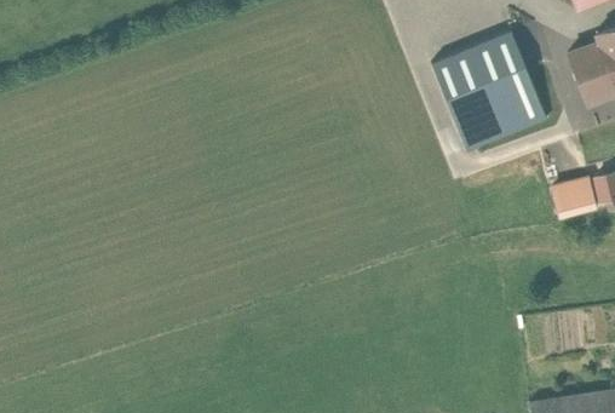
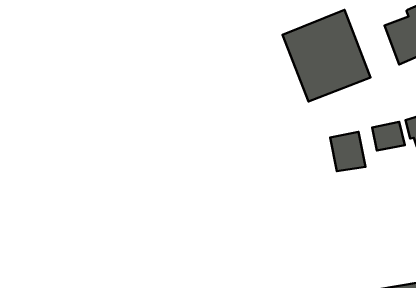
building: none -> [330,132,365,171]

